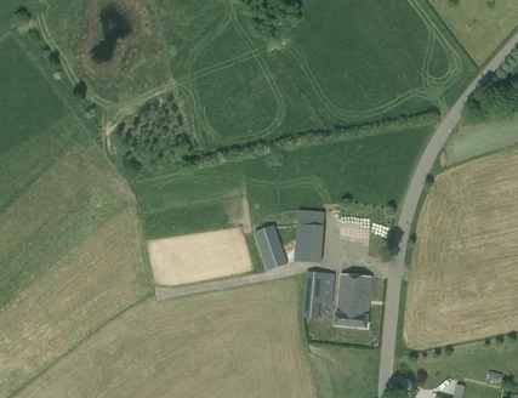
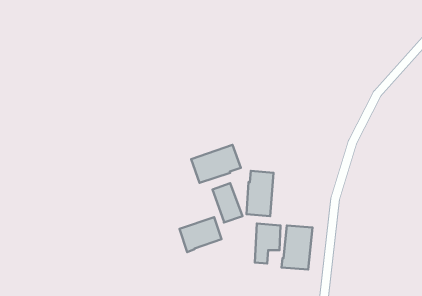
building: none -> [191,145,241,183]
building: none -> [180,217,222,252]

